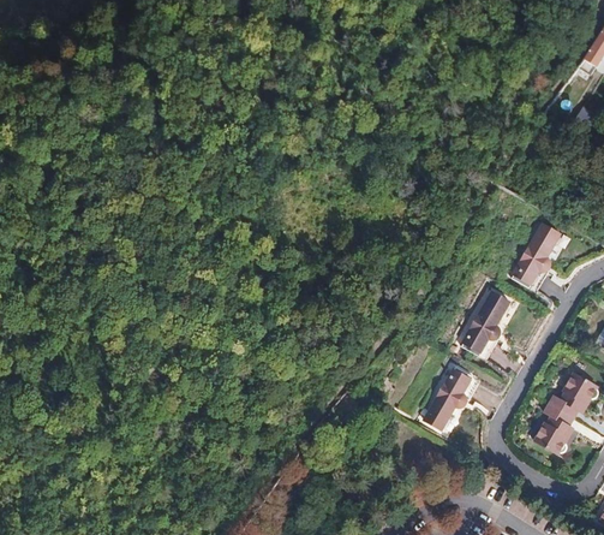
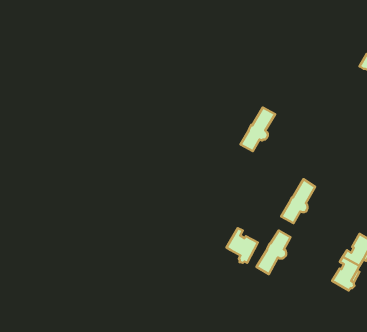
building: [509,224,560,287] -> [241,107,275,151]
building: none -> [227,228,258,263]

